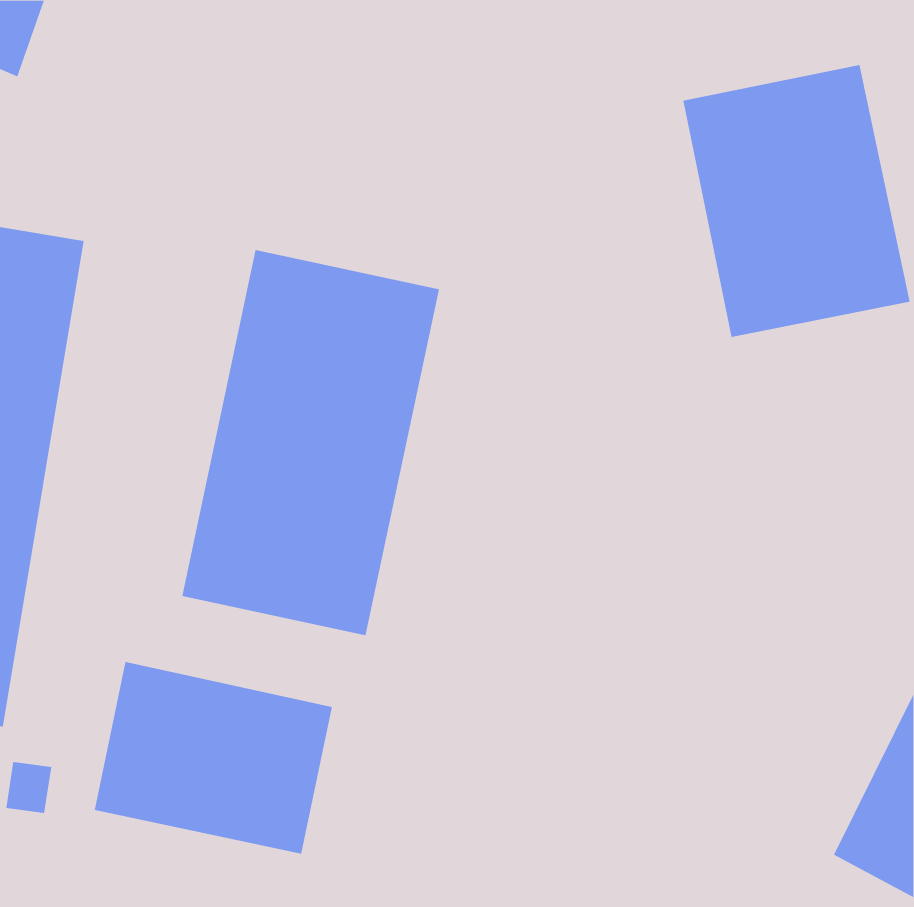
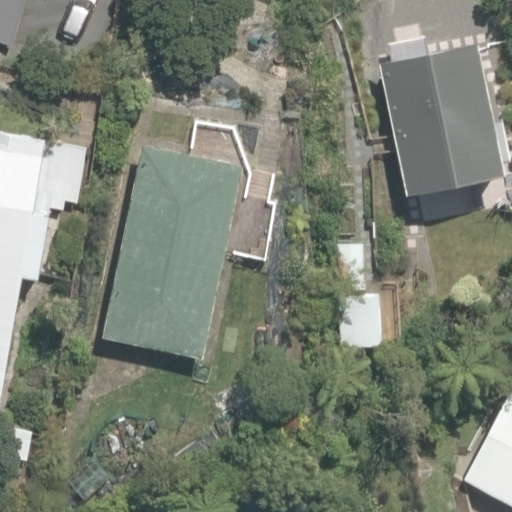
building: [94,661,333,855] -> none

